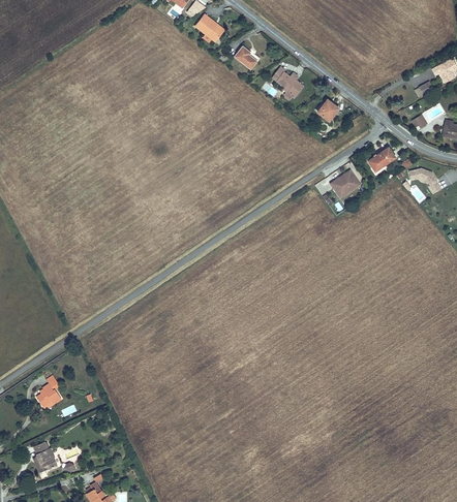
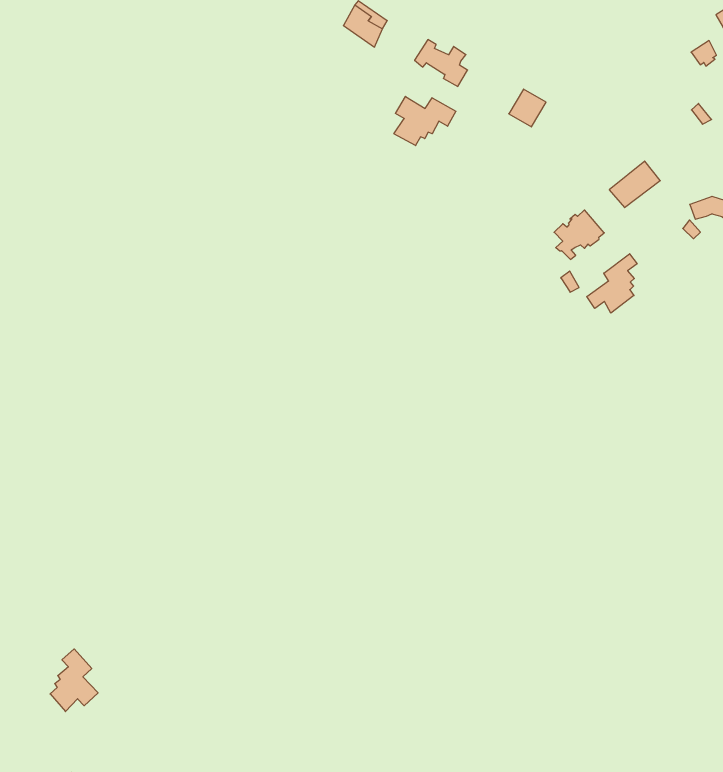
building: none -> [394,96,456,146]
building: none -> [587,254,637,313]

